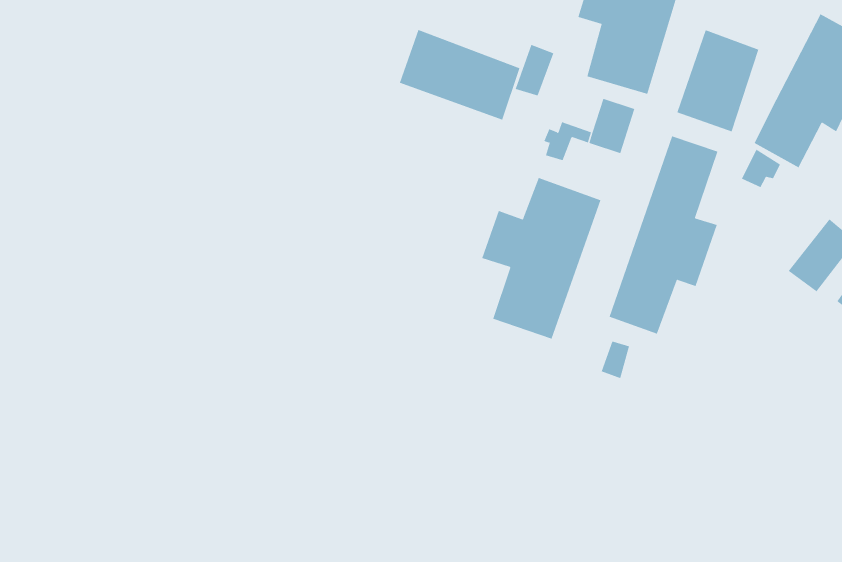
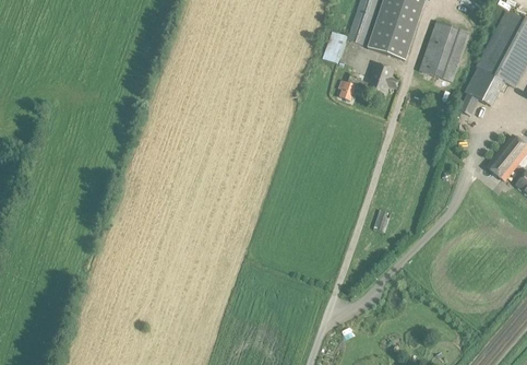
building: [399,29,520,121] -> none
building: [609,136,718,335] -> none
building: [482,177,601,340] -> none

